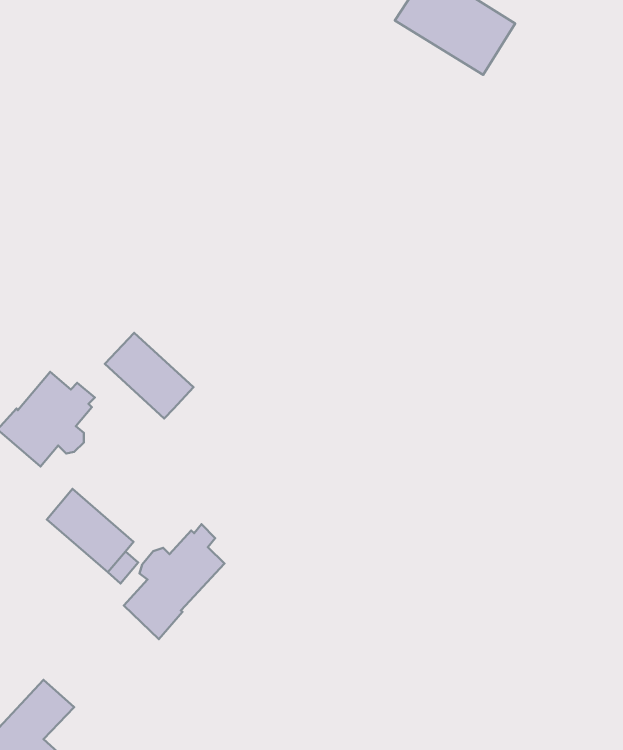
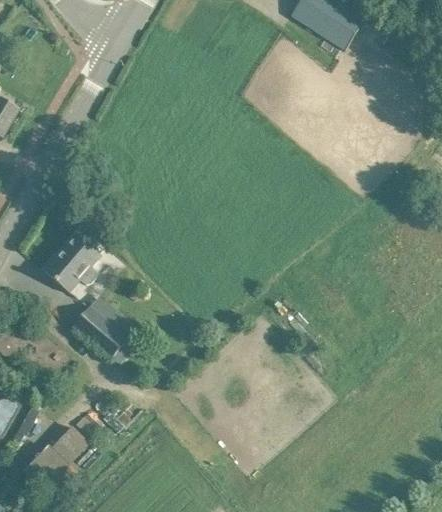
building: [105,333,194,418] -> none
building: [124,524,225,639] -> none

